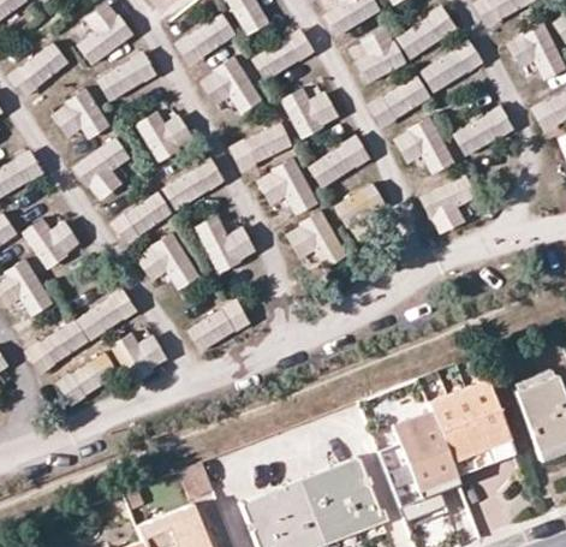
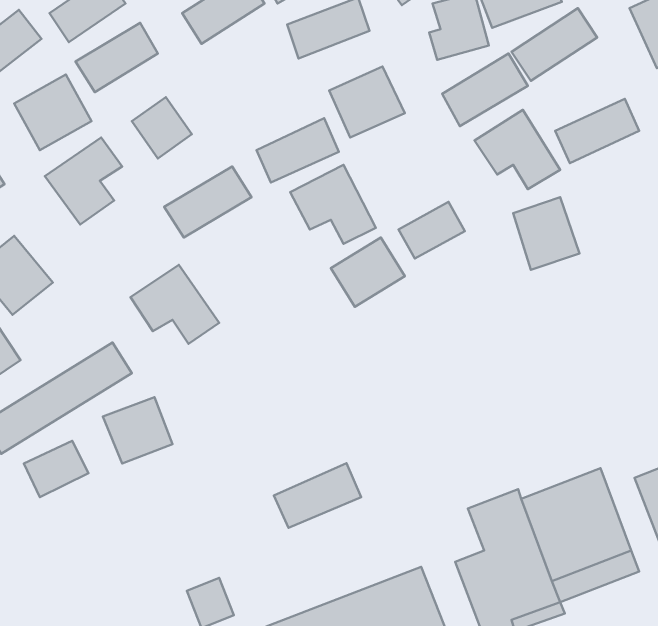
building: [198,57,263,114] -> none
building: [308,135,370,189] -> none
building: [111,190,173,244] -> none
building: [195,214,256,273] -> none
building: [186,301,251,349] -> [274,463,361,528]

